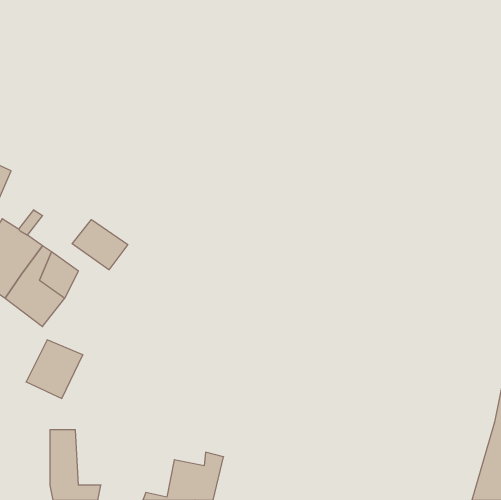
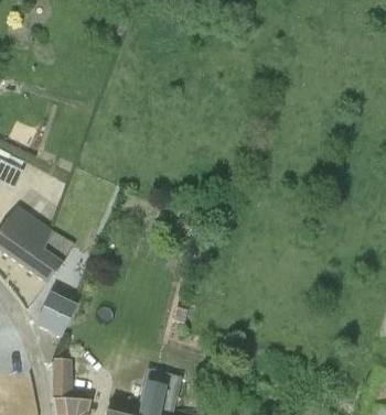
building: [72,220,128,270] -> none

